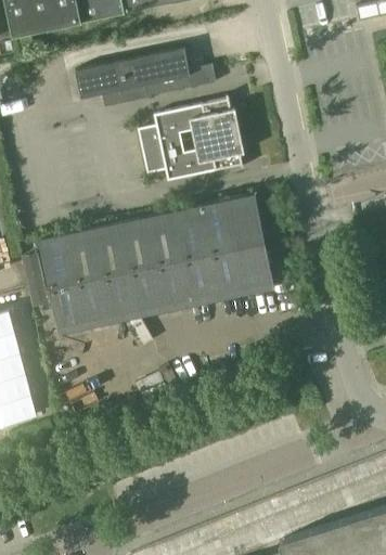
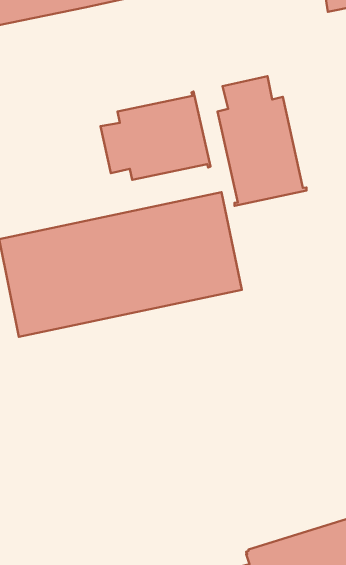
building: [74,47,214,106] -> none
building: none -> [218,76,306,206]

